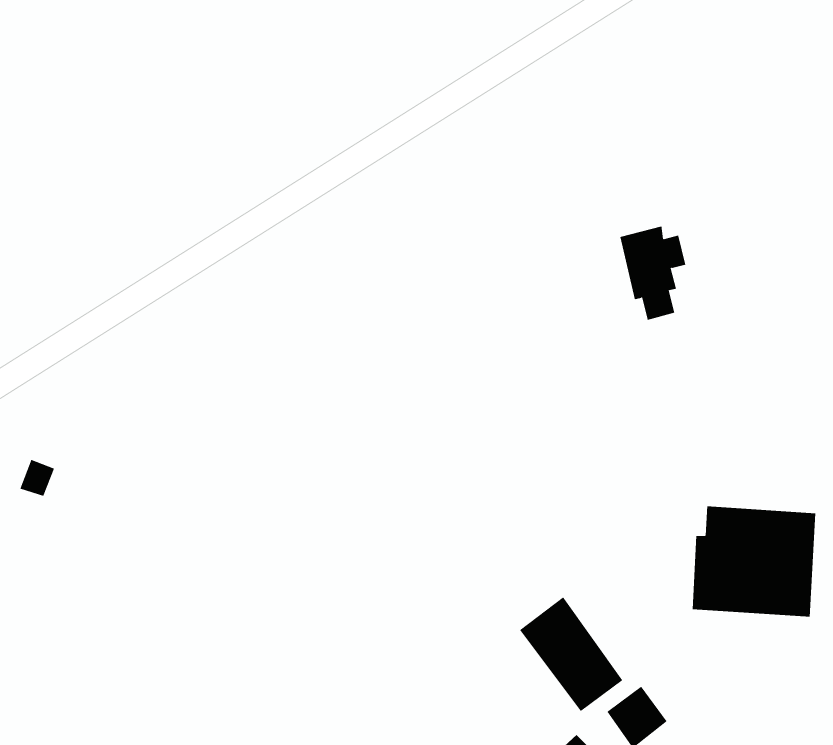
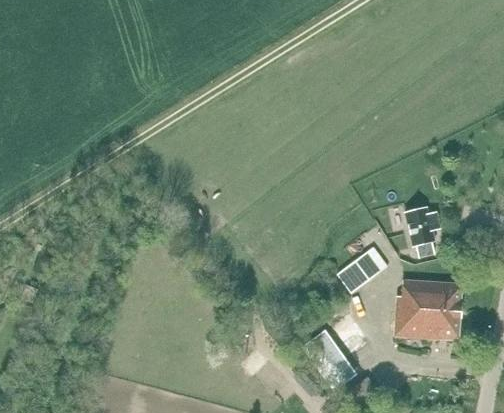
building: [619,226,686,320] -> [404,207,440,258]
building: none -> [337,247,387,293]

